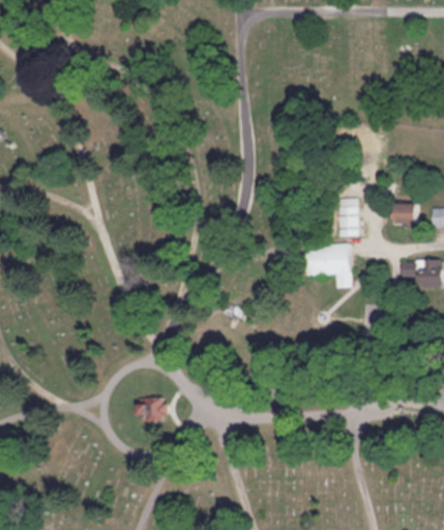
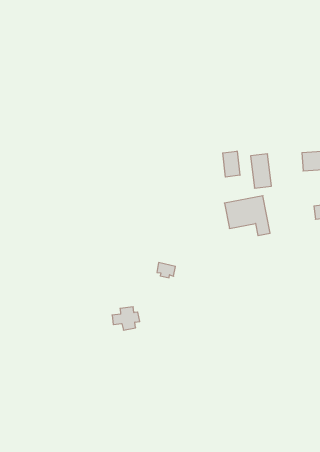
building: none -> [223,151,240,177]
building: [138,399,167,422] -> [112,307,140,330]

